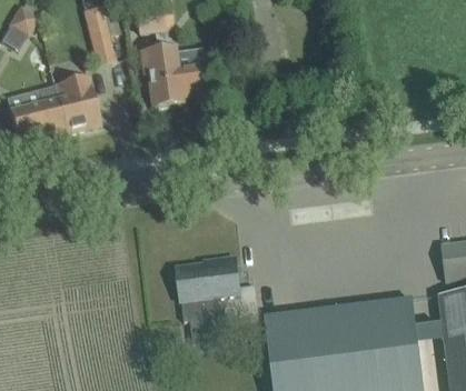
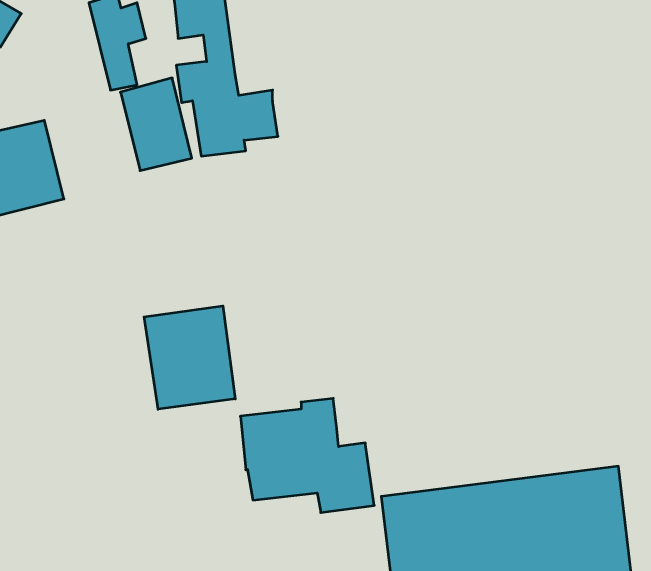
building: [56,74,100,132] -> [120,78,192,171]
building: none -> [144,306,235,409]

